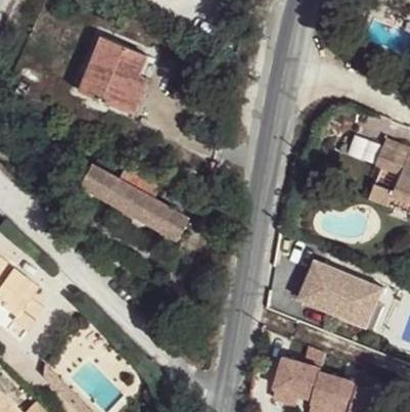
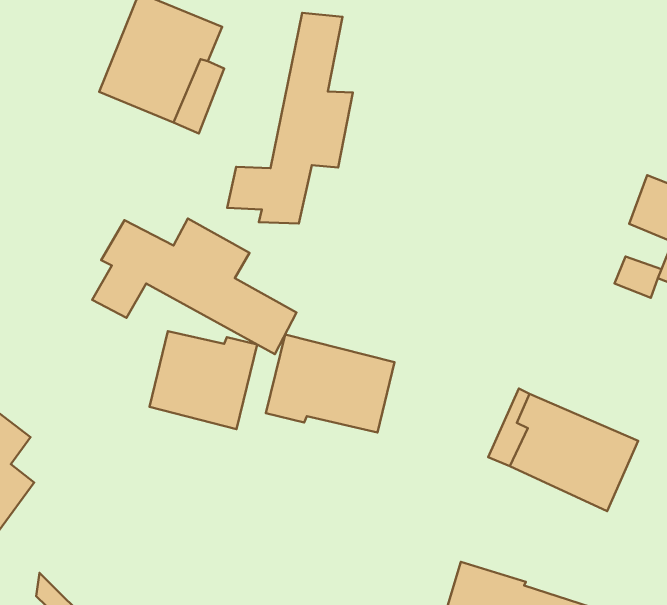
building: none -> [227,13,353,223]
building: none -> [149,331,257,429]
building: none -> [266,334,395,433]

